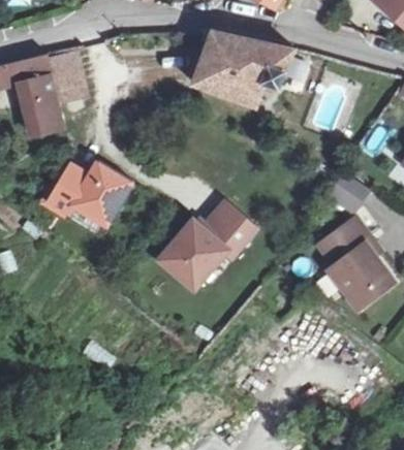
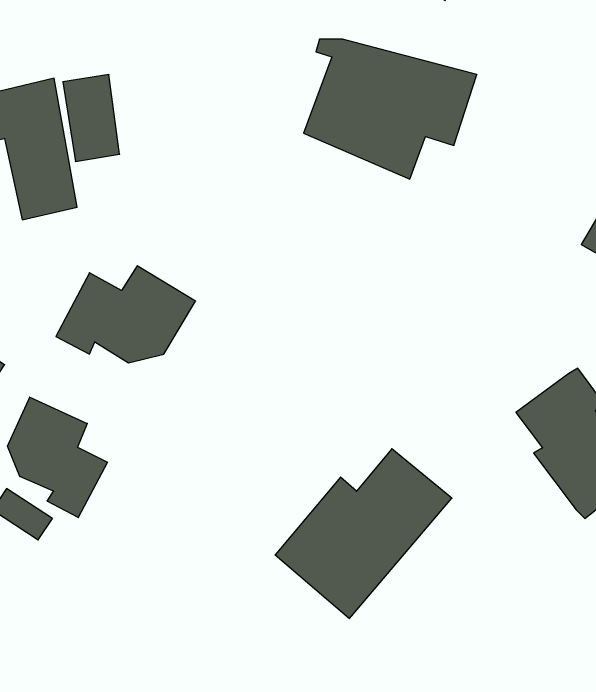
building: [154,196,257,295] -> [275,449,452,619]
building: none -> [7,397,107,518]

